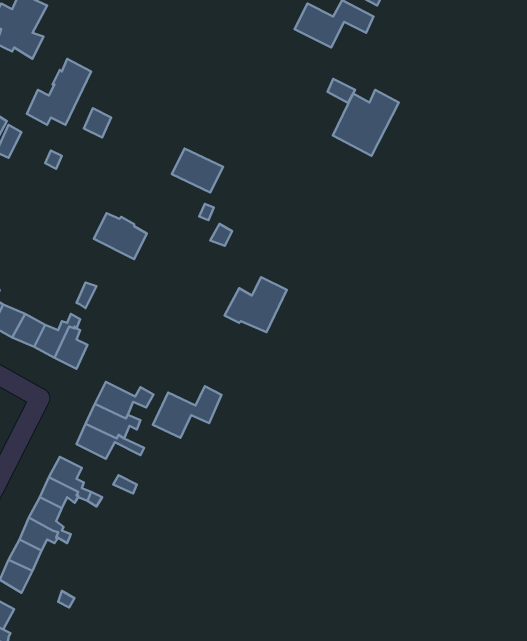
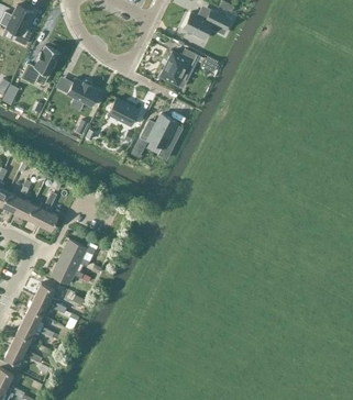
building: [333,90,399,156] -> [161,48,200,88]
building: [94,213,147,259] -> [68,79,100,107]
building: [224,277,287,332] -> [140,114,177,147]
building: [153,386,222,438] -> none

